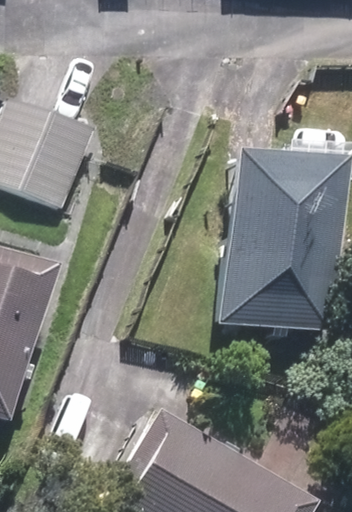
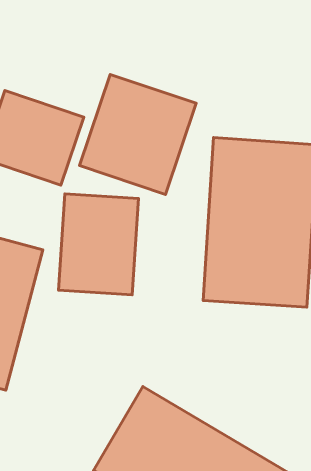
building: none -> [80,74,196,194]
building: none -> [59,194,138,295]

